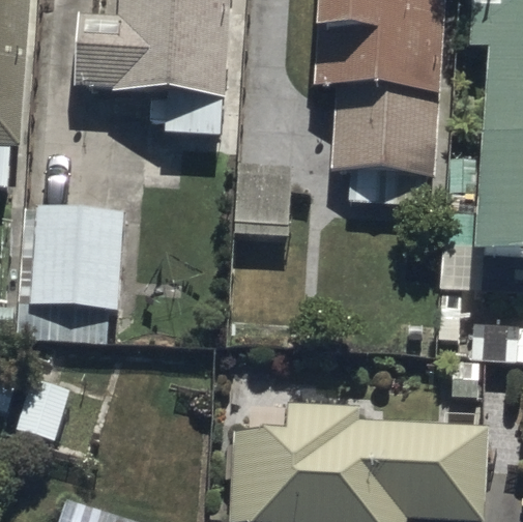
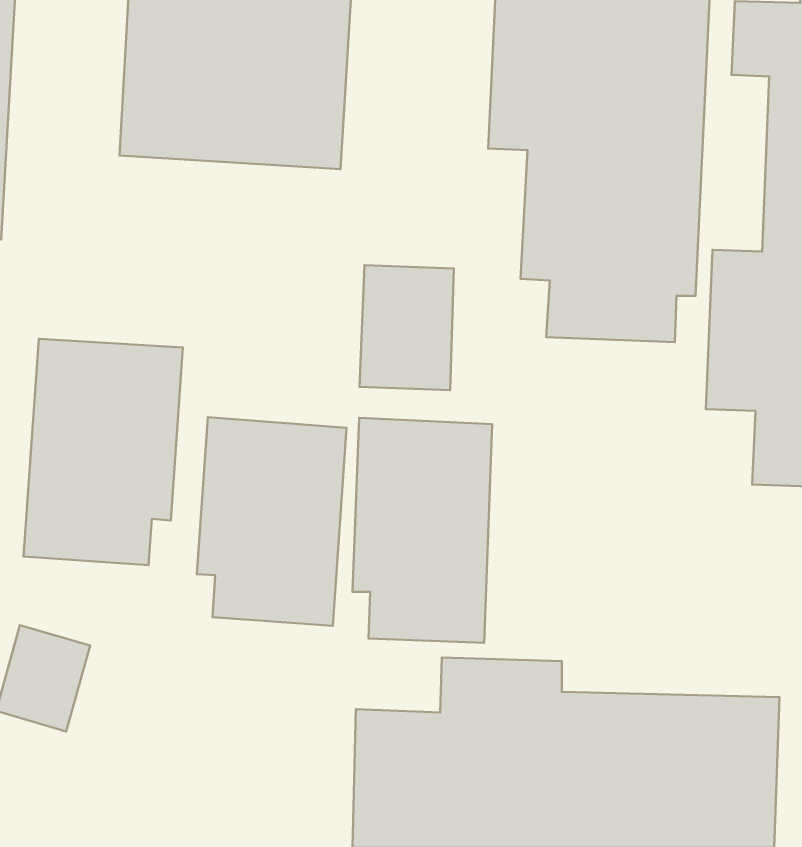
building: none -> [197,417,346,626]
building: none -> [353,418,492,643]

